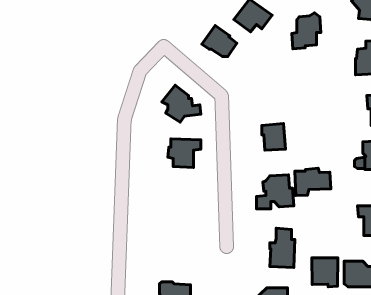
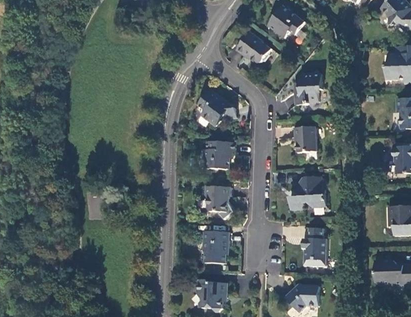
building: [292,13,321,49] -> [294,70,322,105]
building: [295,168,331,196] -> none
building: none -> [205,186,230,212]
building: none -> [203,231,228,263]
building: [312,258,338,287] -> none

